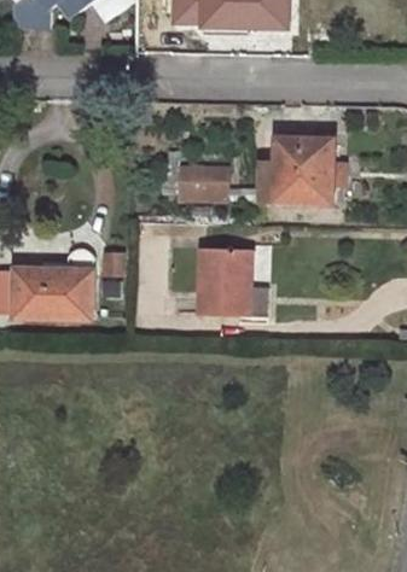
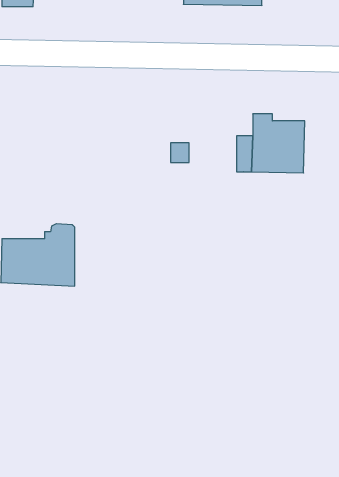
building: [199,249,264,315] -> none

